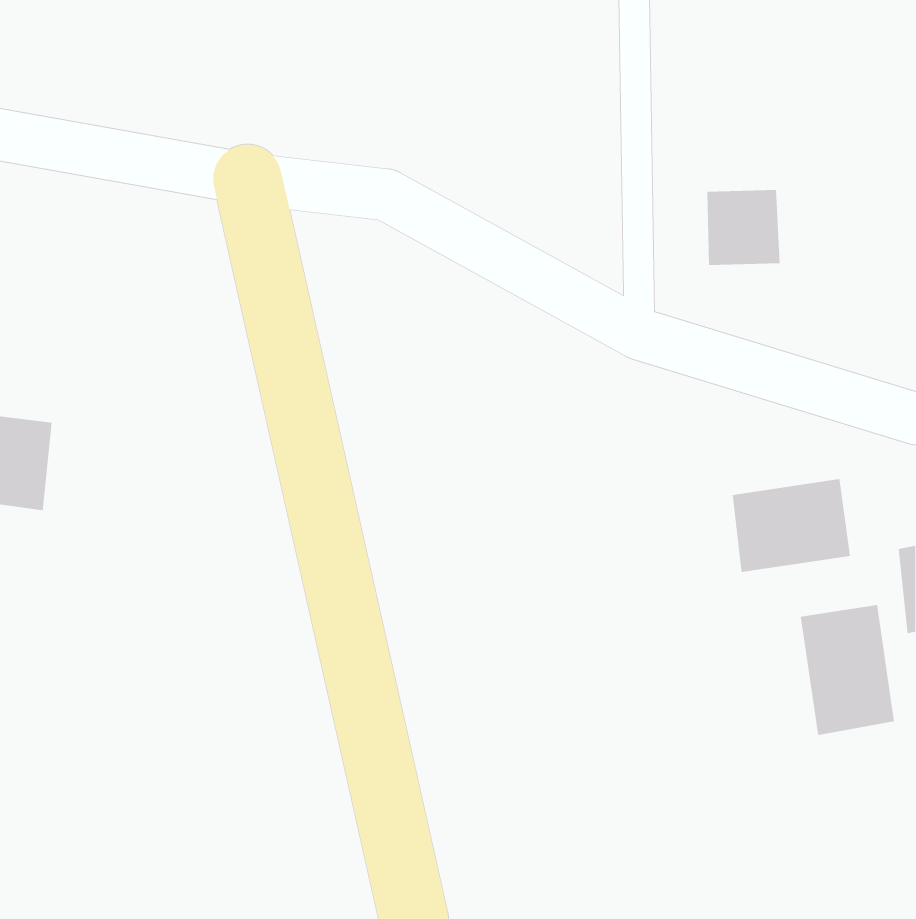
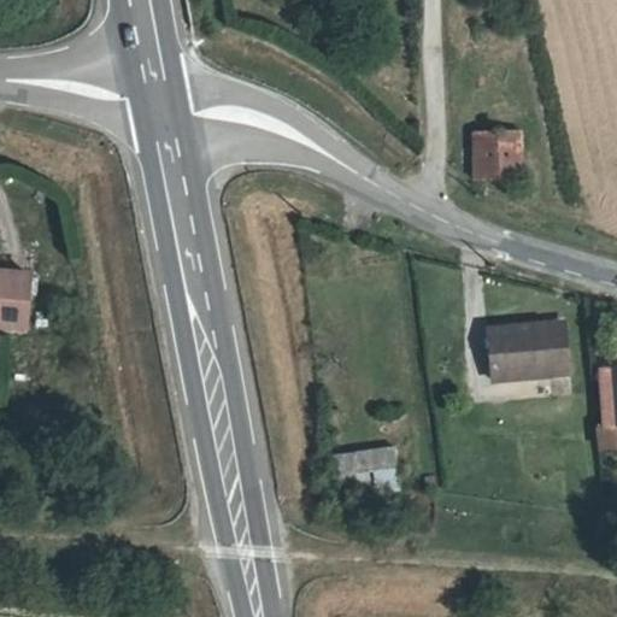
building: [800,604,894,736] -> none
building: none -> [329,443,394,487]

